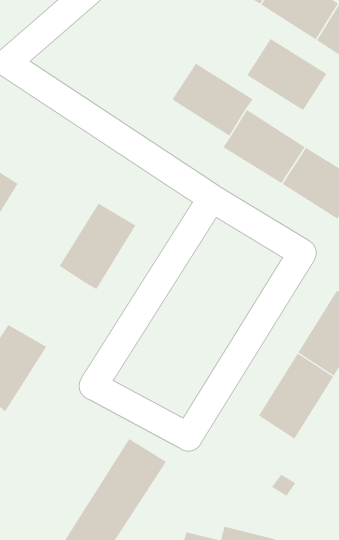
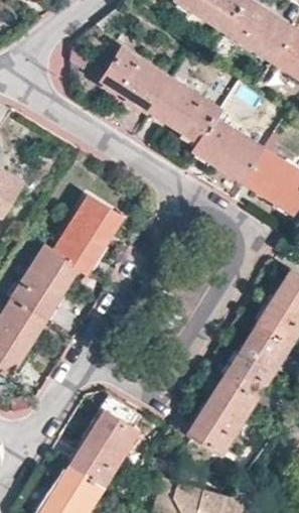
building: [247,38,327,111] -> [102,49,170,111]
building: none -> [11,247,78,320]
building: none -> [189,379,255,453]

